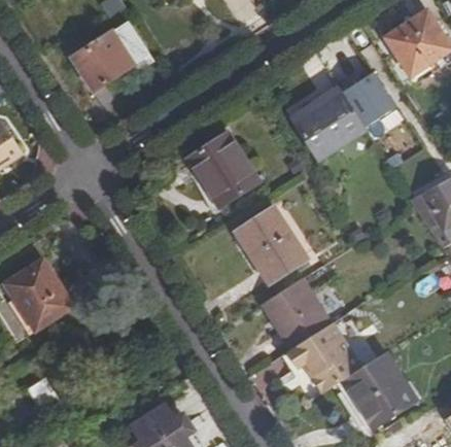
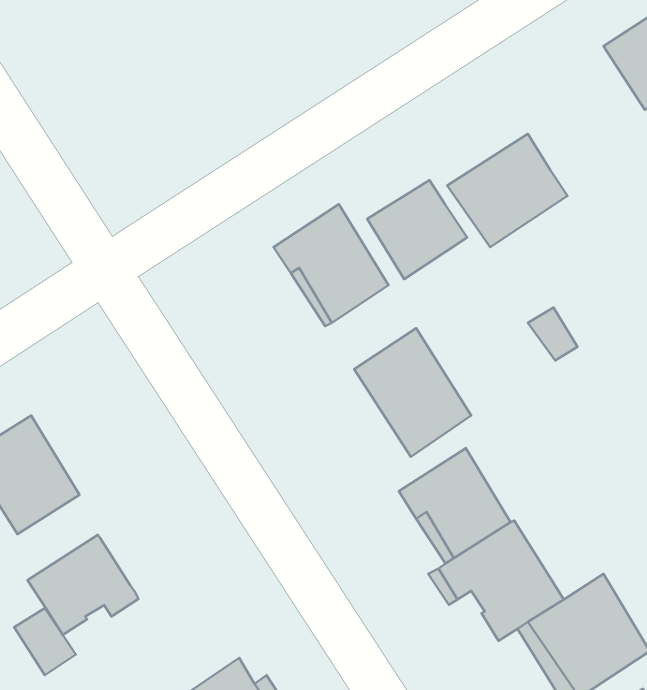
building: [71,25,145,92] -> none
building: [339,73,379,112] -> none
building: none -> [367,180,467,279]
building: none -> [28,535,138,635]

